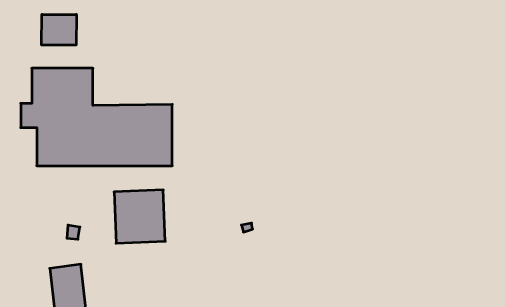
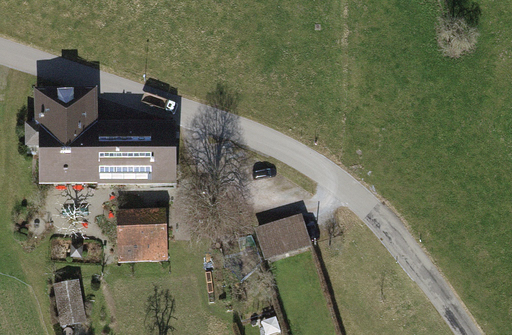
building: [42,14,76,45] -> none
building: none -> [254,212,311,259]

